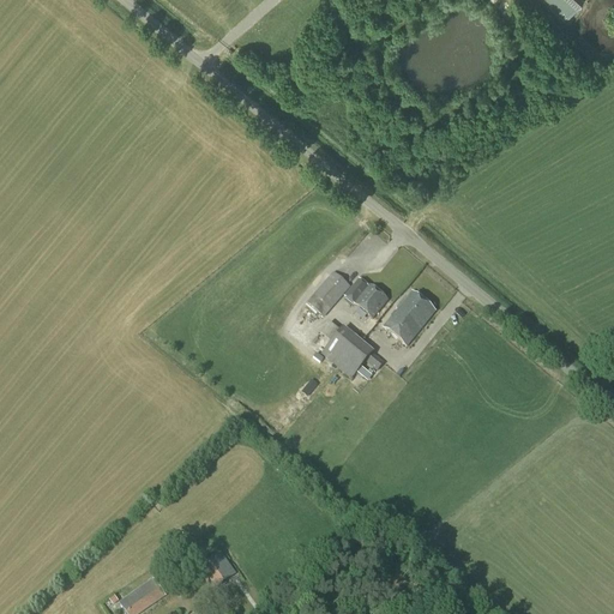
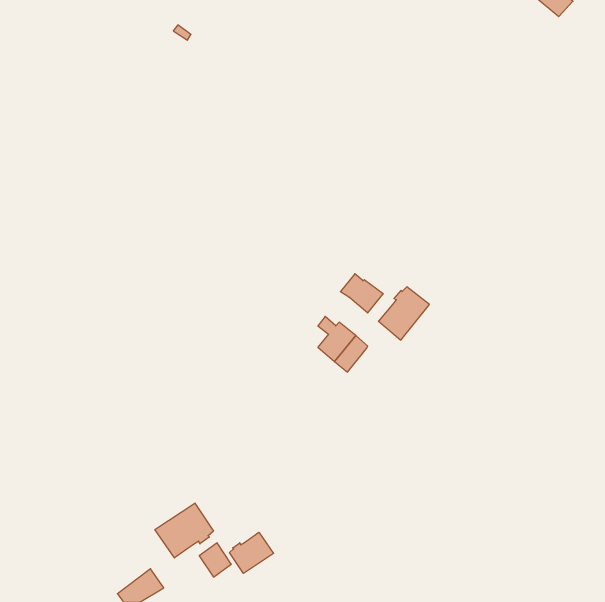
building: [307,270,351,315] -> none
building: none -> [155,503,213,558]
building: none -> [230,532,274,573]

